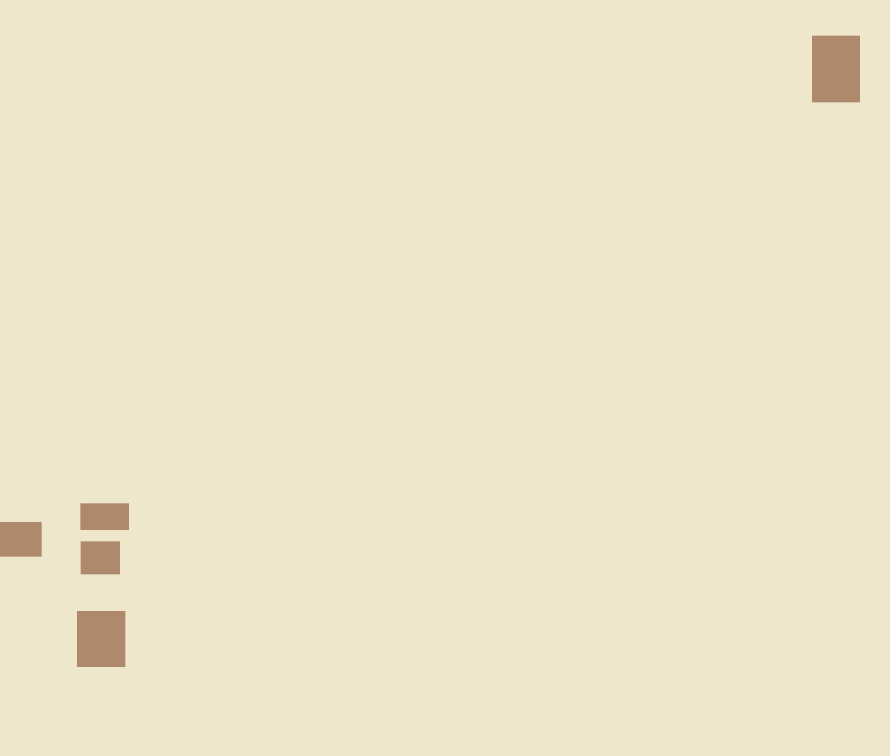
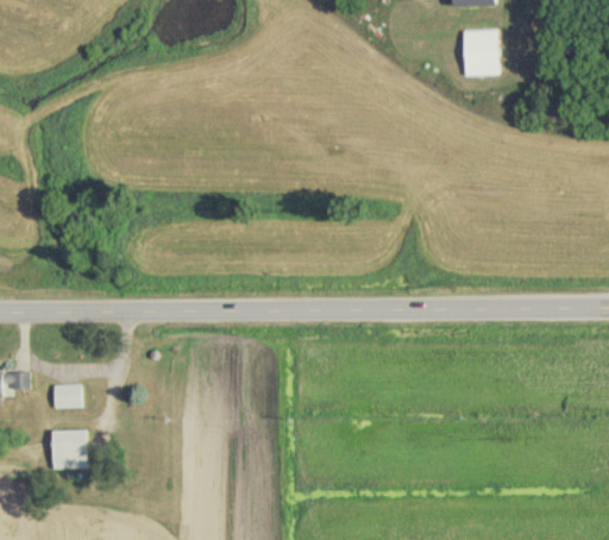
building: [811,35,861,103] -> [463,30,496,75]
building: [80,502,130,531] -> none

